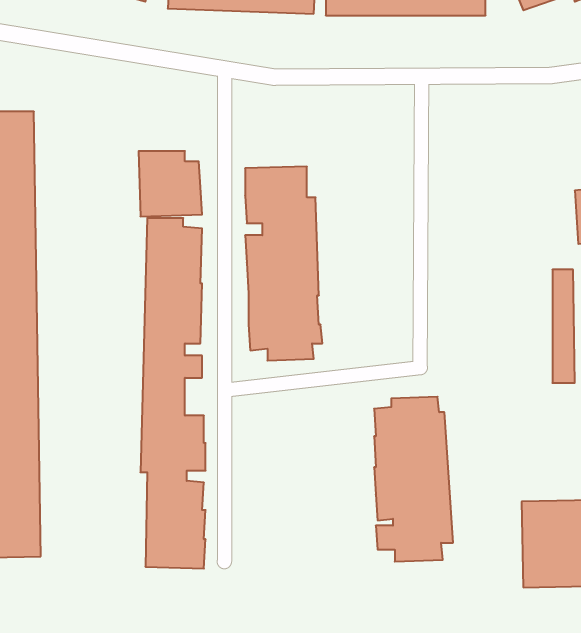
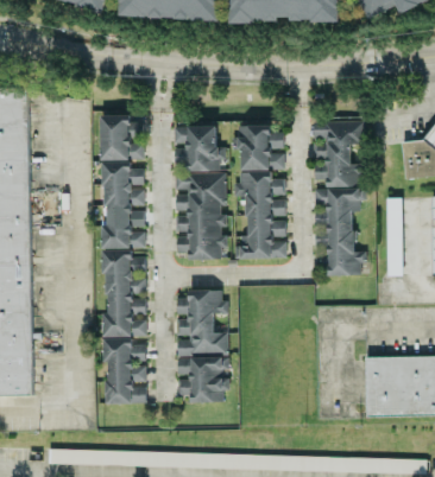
building: none -> [313,119,365,276]
building: none -> [233,125,286,260]
building: [374,397,453,562] -> [176,290,231,403]

